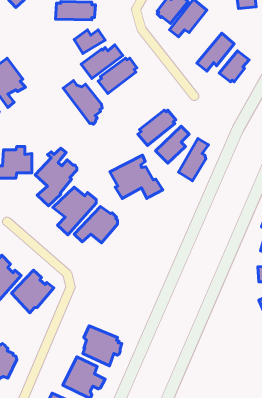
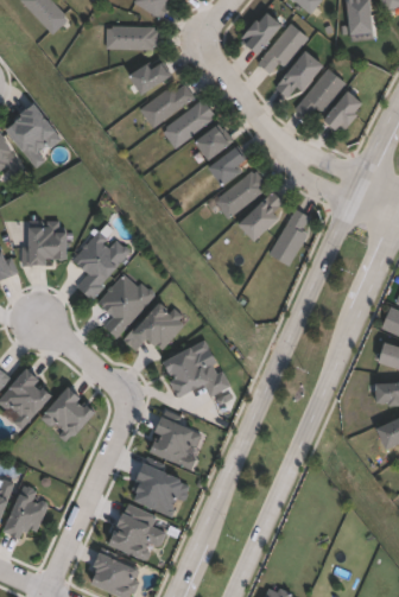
building: none -> [271,51,322,100]
building: none -> [191,127,229,163]
building: [63,80,102,124] -> none
building: none -> [205,148,242,189]
building: [110,155,163,199] -> [163,339,234,398]
building: none -> [151,415,202,469]

